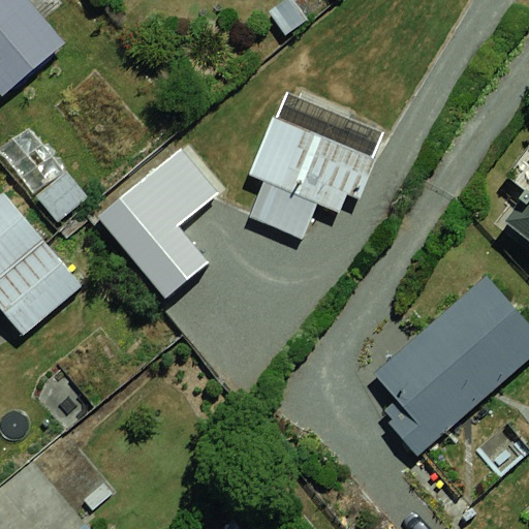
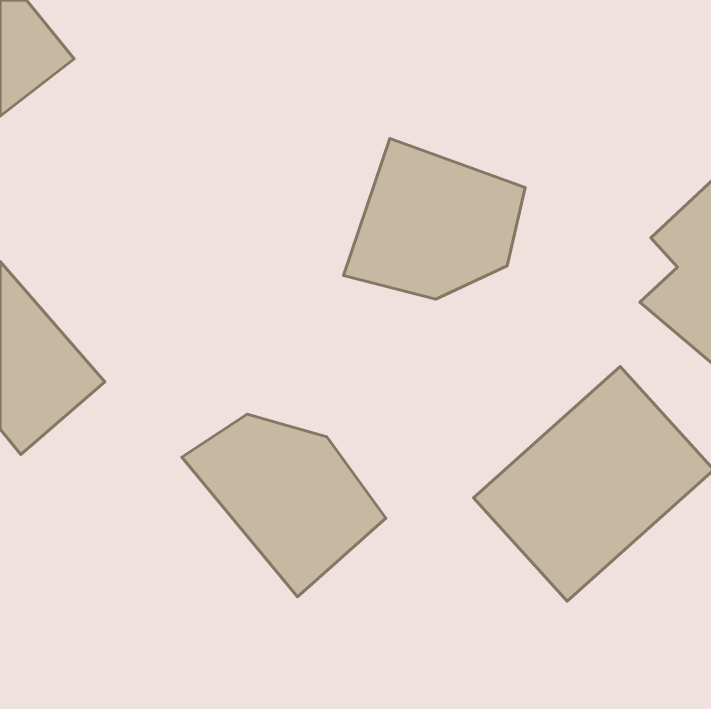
building: [98,144,230,308] -> none
building: none -> [182,414,386,597]

